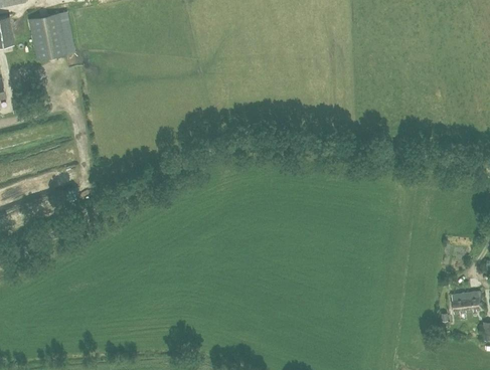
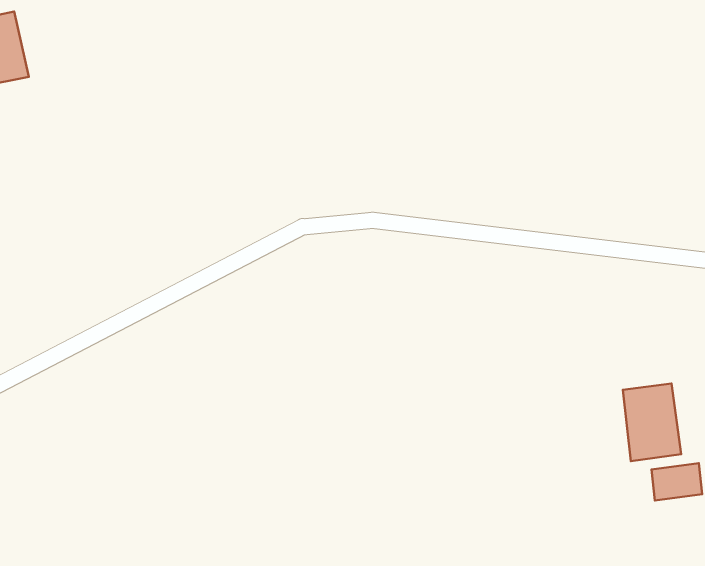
building: none -> [623,384,681,461]

